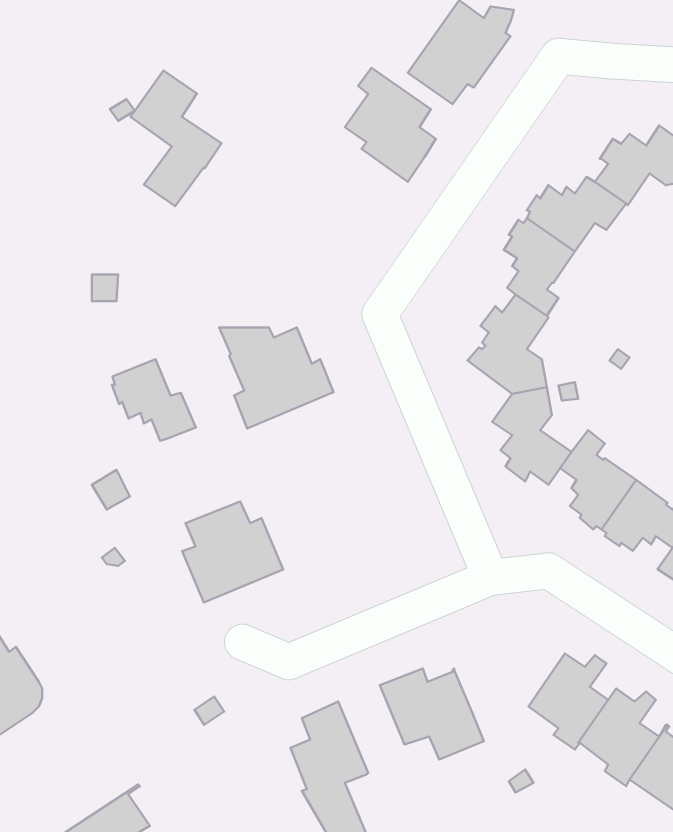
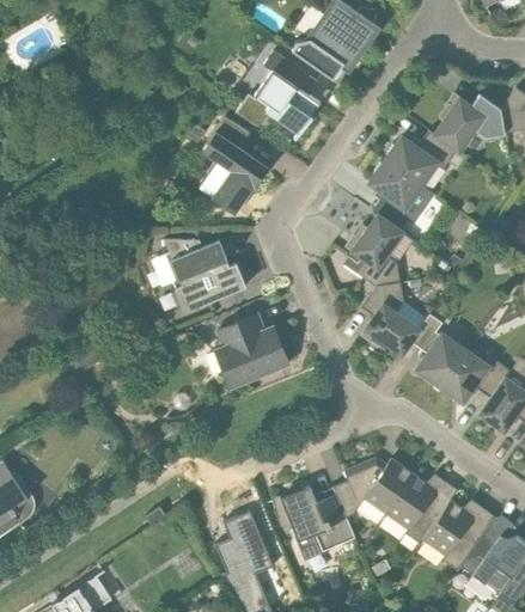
building: [130,70,221,206] -> [202,115,268,213]
building: [112,359,196,441] -> none
building: [182,502,283,603] -> [215,314,288,387]
building: none -> [334,455,414,518]

